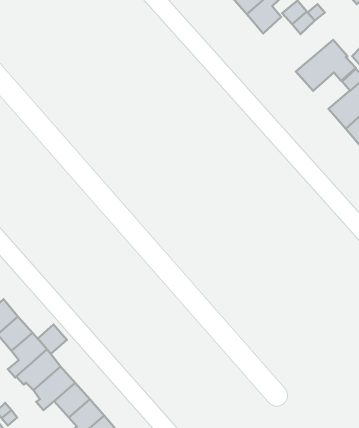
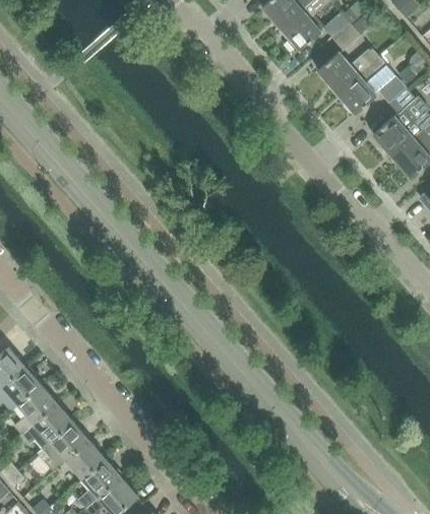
building: none -> [317,48,377,92]
building: [38,325,67,354] -> none

